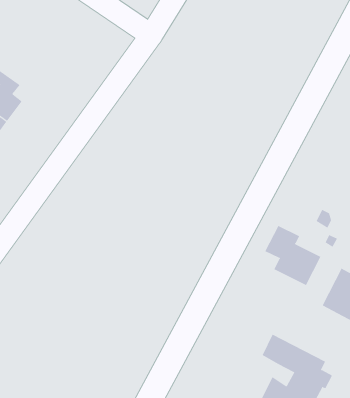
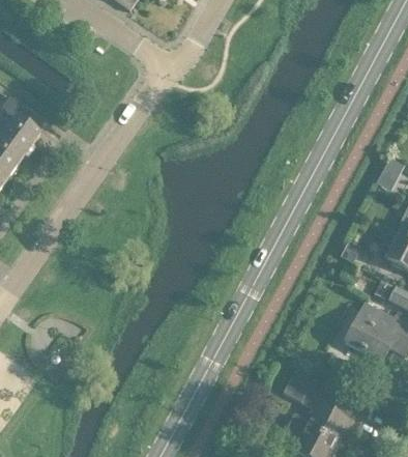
building: [264,225,321,286] -> none

